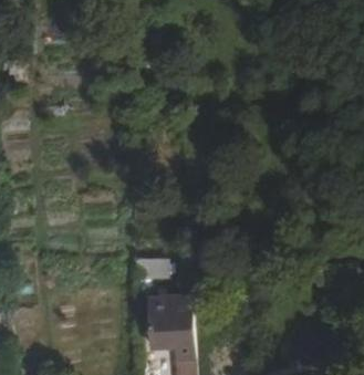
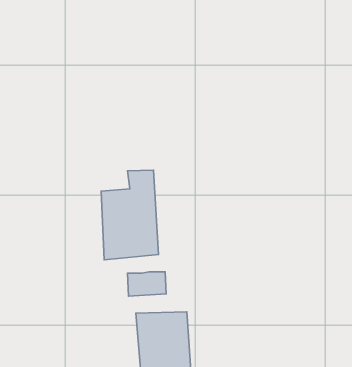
building: none -> [101,170,158,260]

